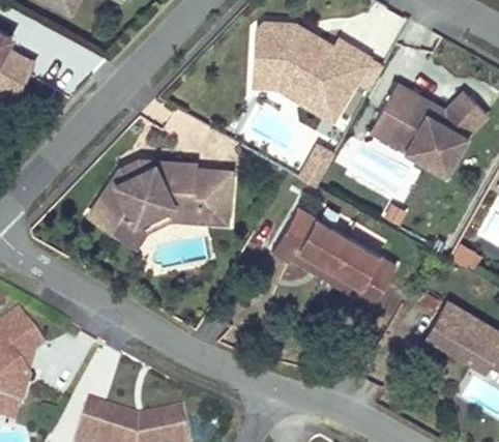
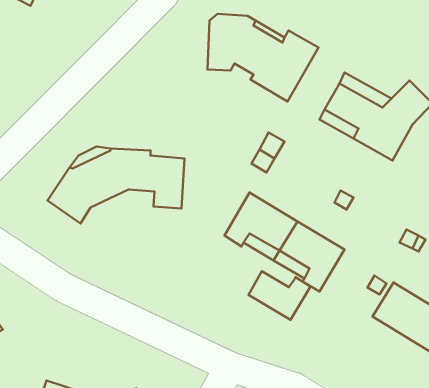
building: [253,72,336,119] -> none
building: [122,203,199,246] -> none
building: none -> [248,271,311,320]

